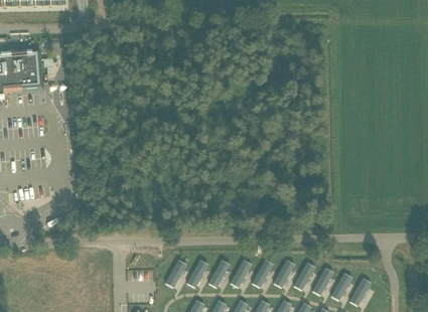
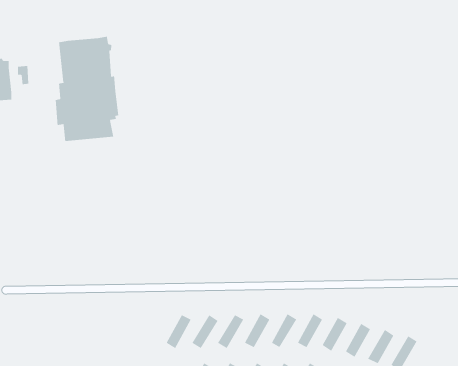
building: none -> [55,36,119,142]

